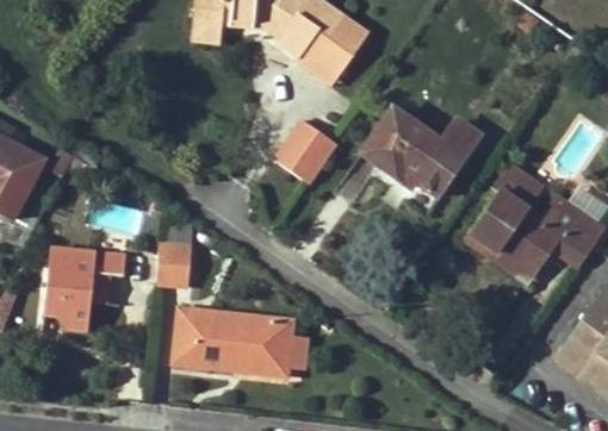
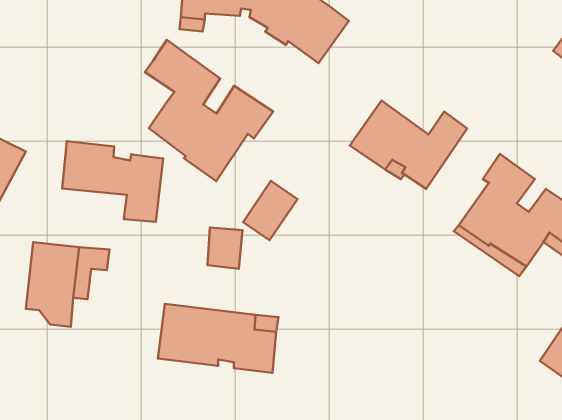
building: none -> [145,40,273,181]
building: [284,130,337,188] -> [243,181,297,240]
building: none -> [62,141,163,222]
building: [156,246,191,287] -> [207,228,242,269]

